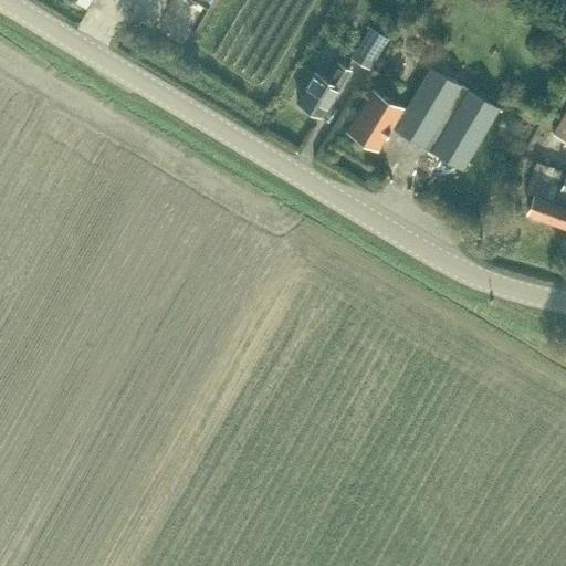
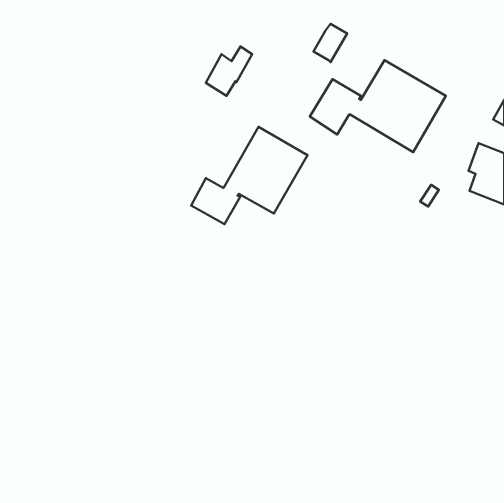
building: [298,63,350,118] -> [206,46,252,96]
building: none -> [191,127,307,224]

